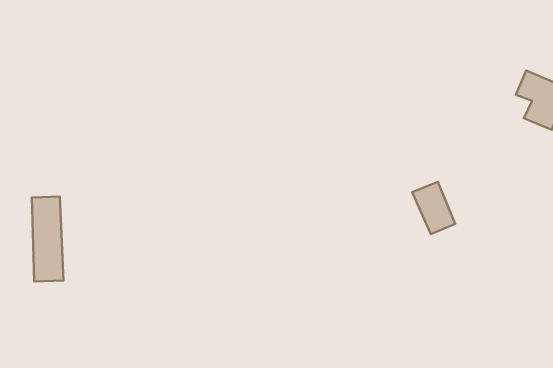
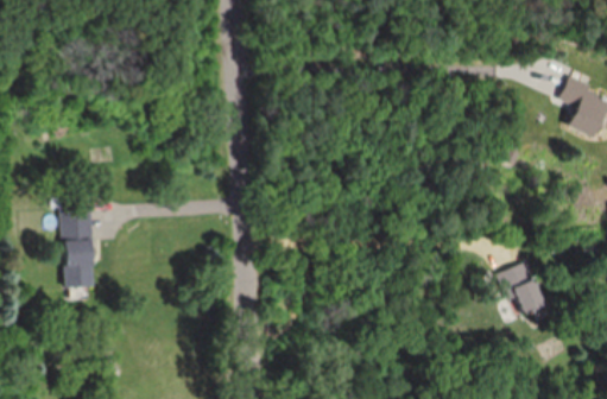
building: [412,182,455,234] -> [500,262,544,316]

